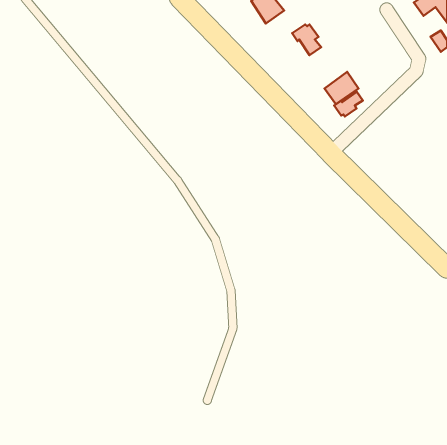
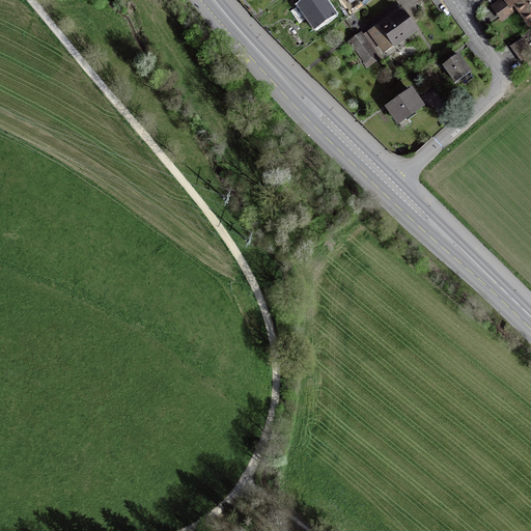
building: none -> [367,5,418,53]
building: none -> [442,51,472,81]
building: [334,92,363,116] -> none

